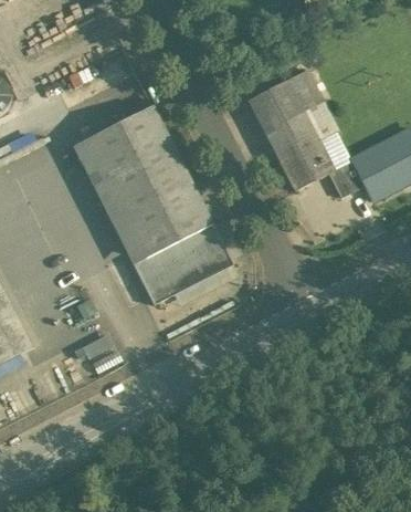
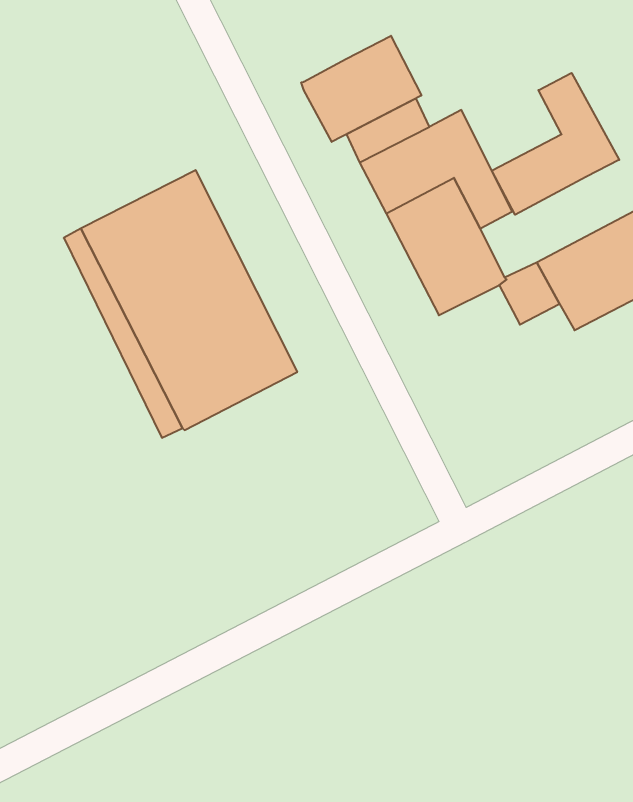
building: none -> [301,36,421,142]
building: none -> [492,73,619,215]
building: [131,224,232,305] -> none

